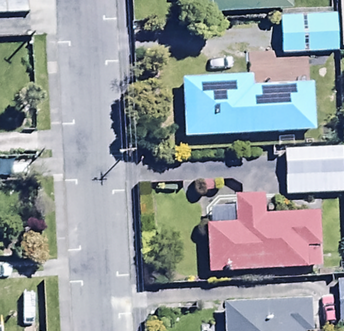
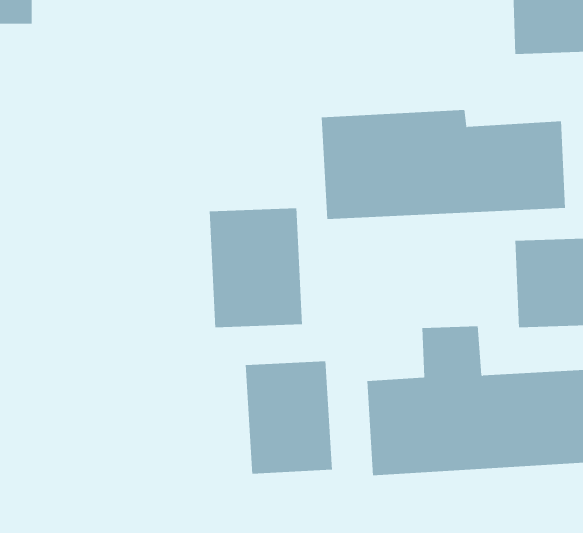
building: none -> [209,207,302,328]
building: none -> [245,360,333,474]

